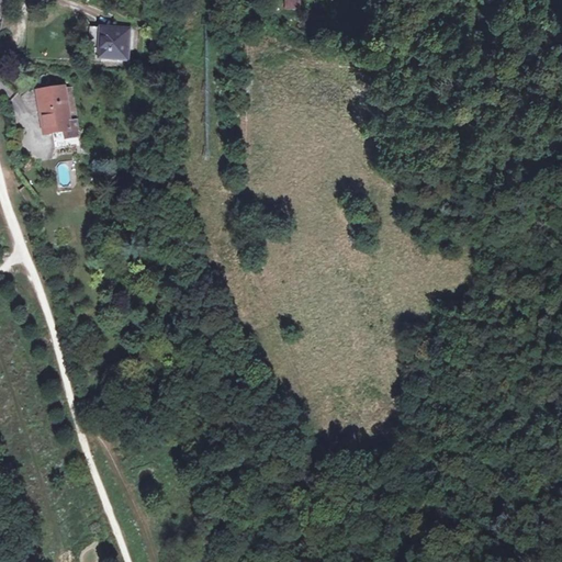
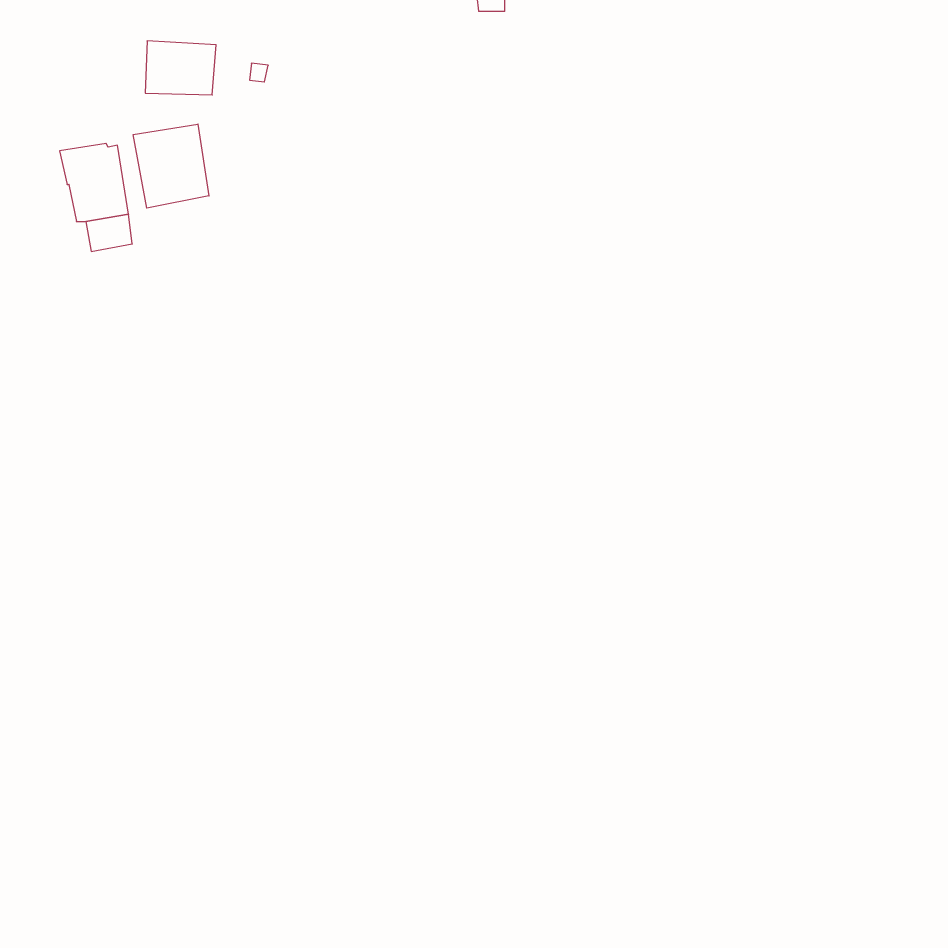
building: none -> [133,124,209,208]

